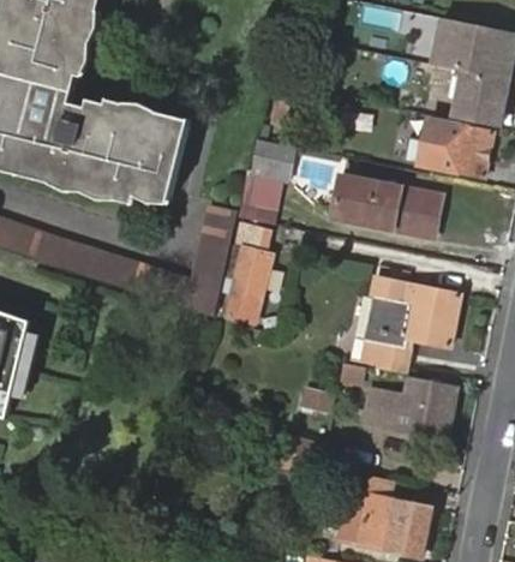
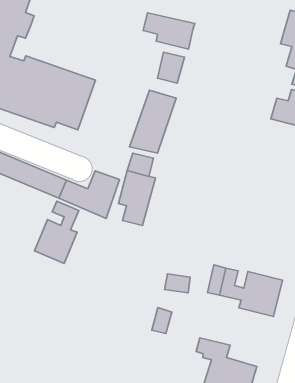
building: none -> [143,13,195,49]
building: [336,178,447,240] -> none
building: [191,209,235,264] -> none
building: [365,275,460,373] -> none
building: none -> [34,201,79,263]

